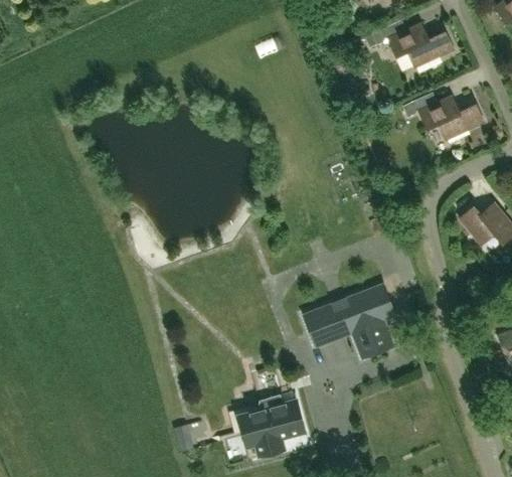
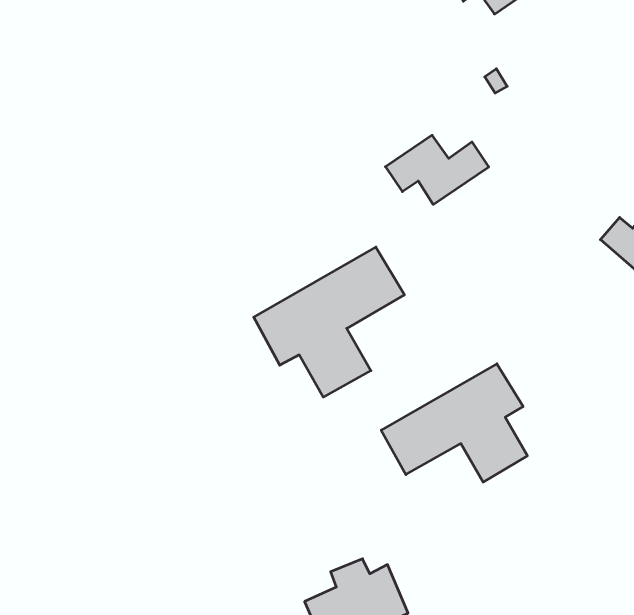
building: [419,96,484,139] -> [385,135,489,204]
building: none -> [254,247,404,397]

